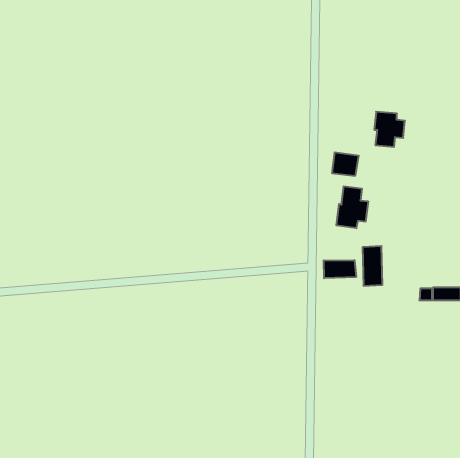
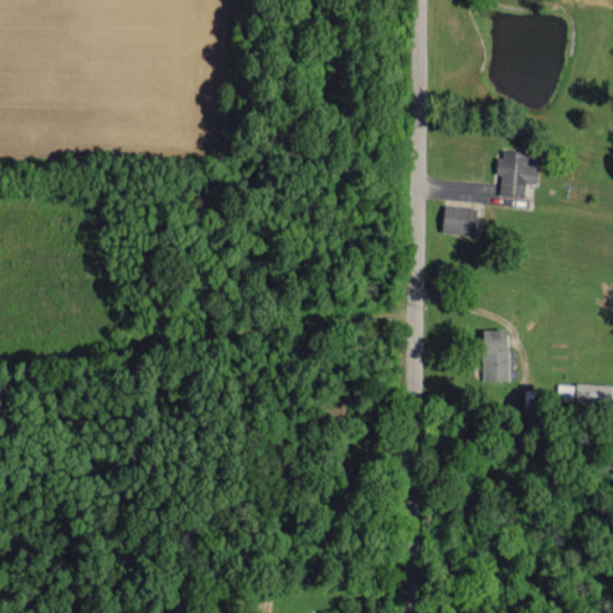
building: [336,186,368,228] -> none
building: [324,260,356,278] -> none

